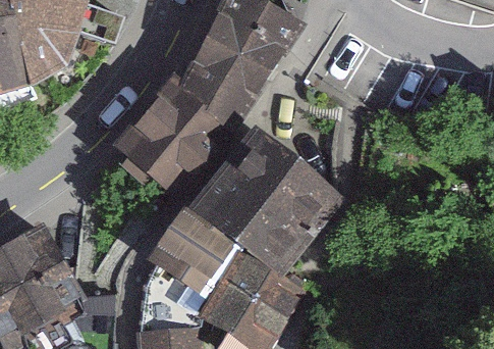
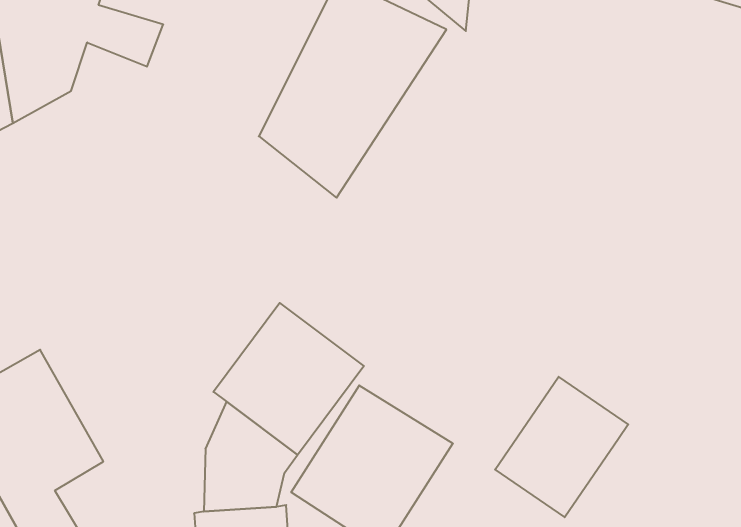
building: [116,86,224,194] -> none
building: [202,123,348,267] -> none
building: none -> [495,377,628,517]

